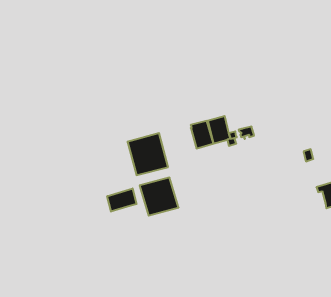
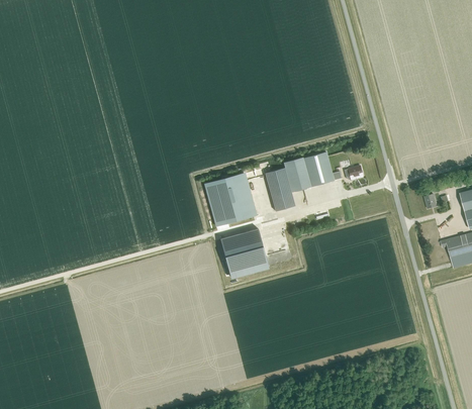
building: none -> [265,167,295,210]
building: [107,188,137,212] -> none

